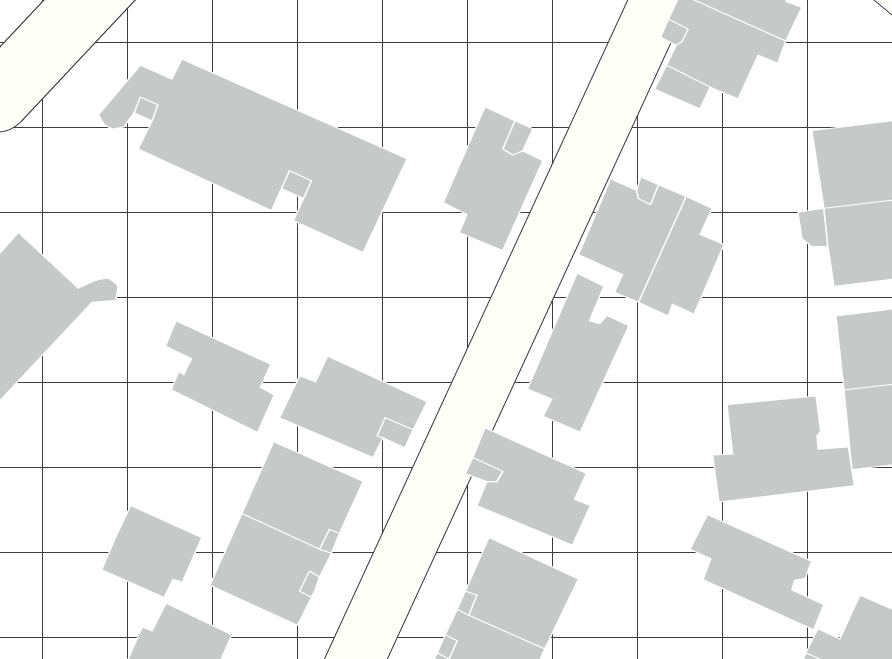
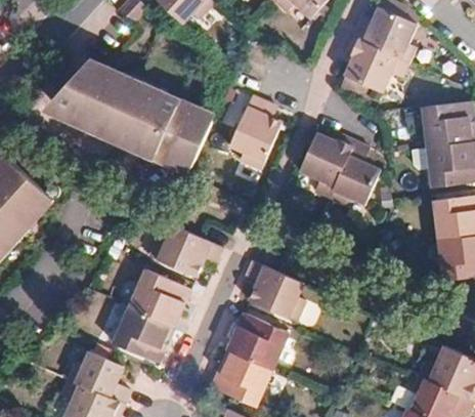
building: [528,273,629,432] -> none
building: [166,321,274,433] -> none
building: [713,396,854,502] -> none
building: [102,506,202,597] -> none
building: [690,514,824,630] -> none

